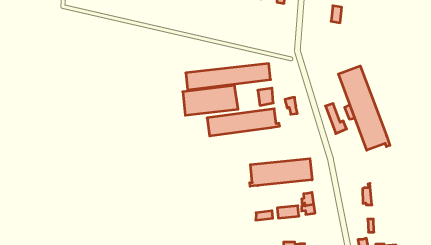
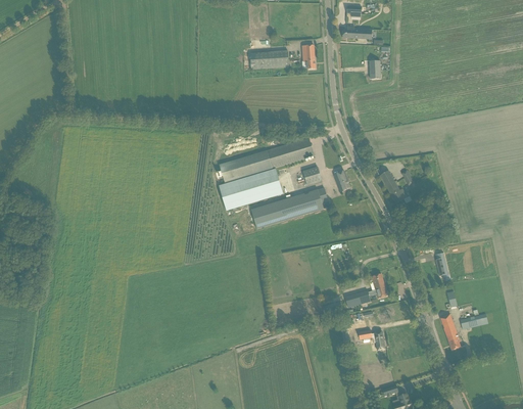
building: [338,66,390,150] -> none
building: [250,159,312,186] -> none

